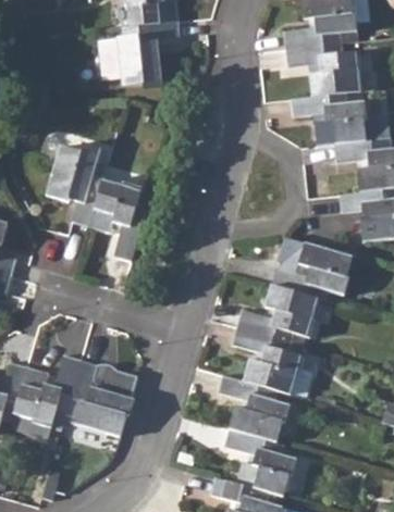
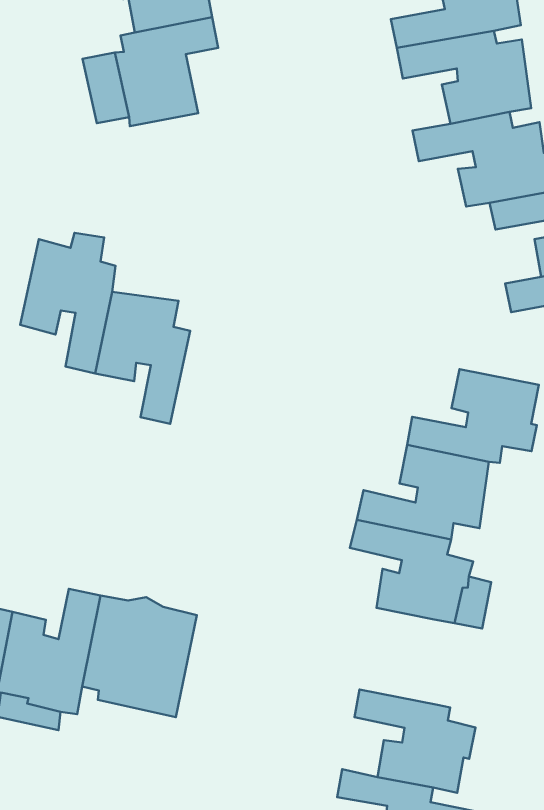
building: [219,375,291,441] -> none

